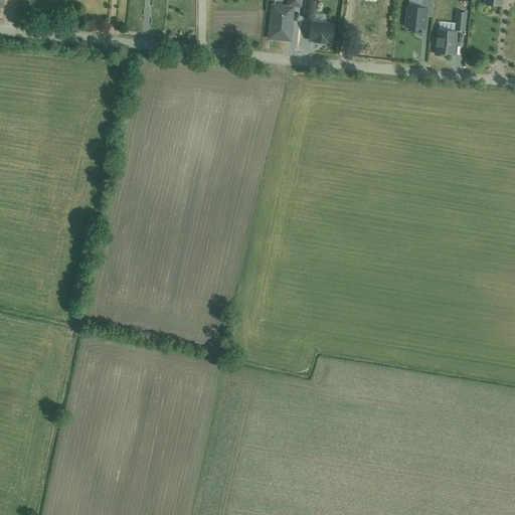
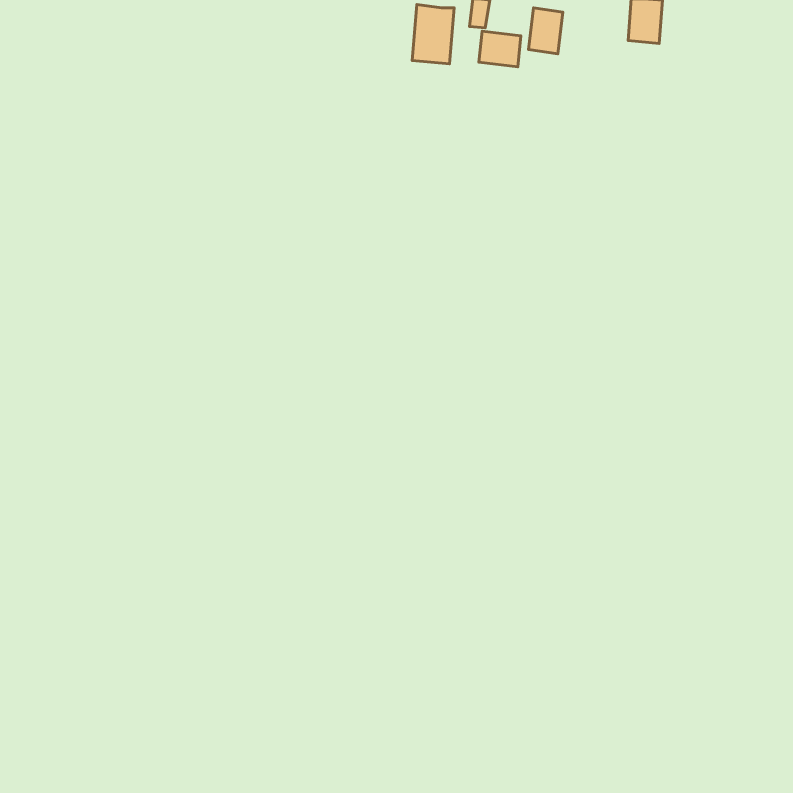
building: none -> [528,8,563,54]
building: [436,10,469,55] -> none

